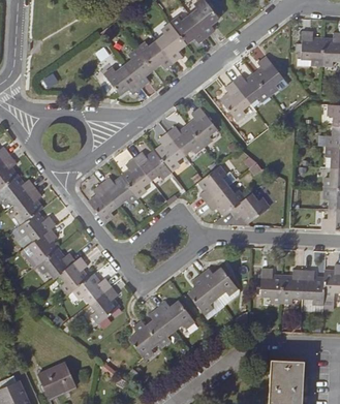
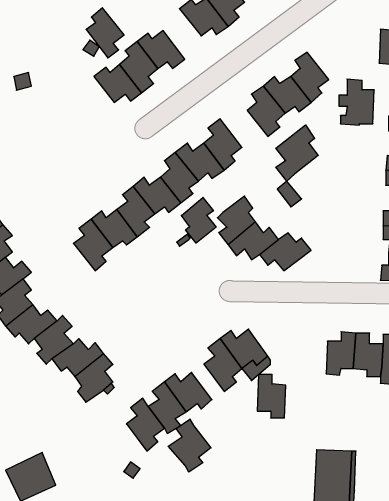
building: [157,23,186,61] -> [86,8,124,58]
building: [296,30,322,65] -> [339,79,374,125]
building: none -> [276,125,318,181]
building: none -> [181,197,216,243]
building: [260,268,282,301] -> [257,374,286,418]
building: none -> [168,419,211,472]

